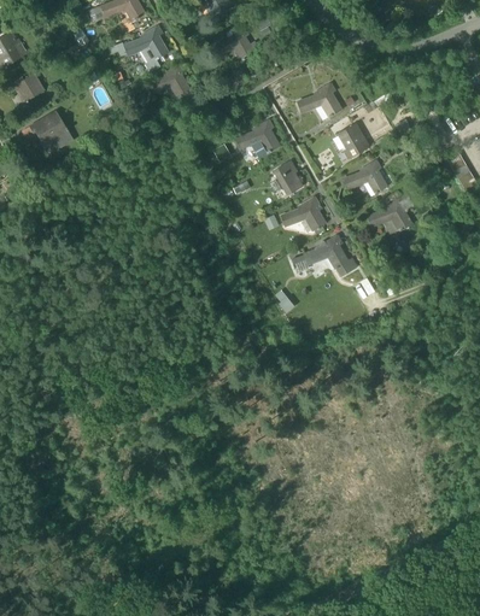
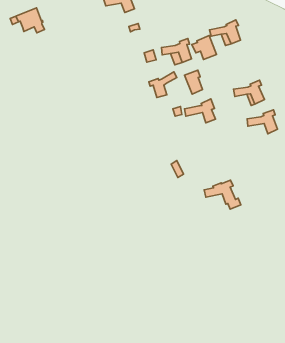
building: [332,123,368,157] -> [192,36,217,59]
building: none -> [149,72,177,97]
building: [303,235,356,275] -> [204,180,241,209]

